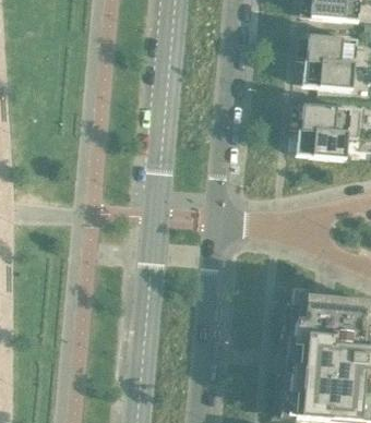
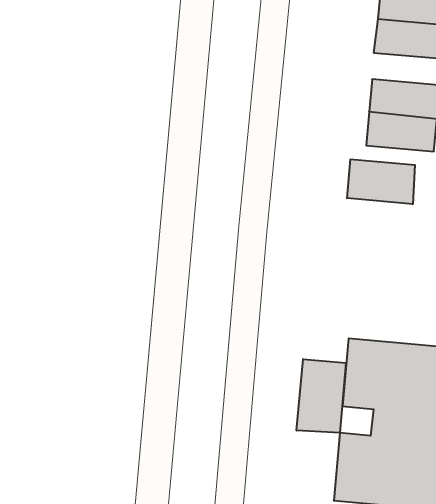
building: none -> [347,159,415,204]
building: none -> [297,359,346,433]

